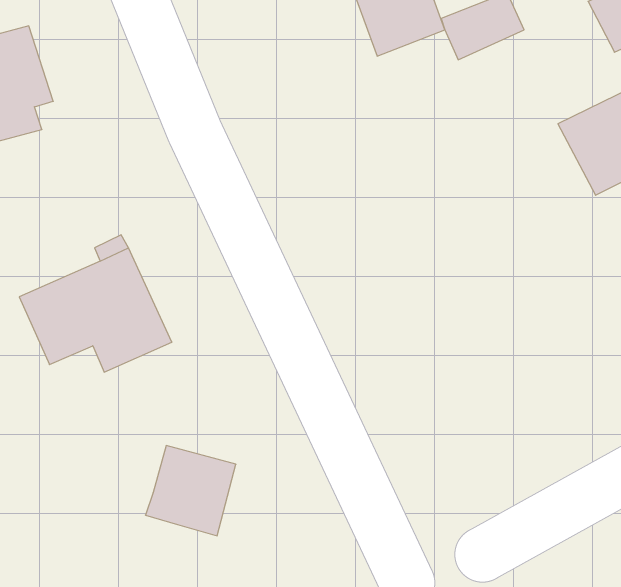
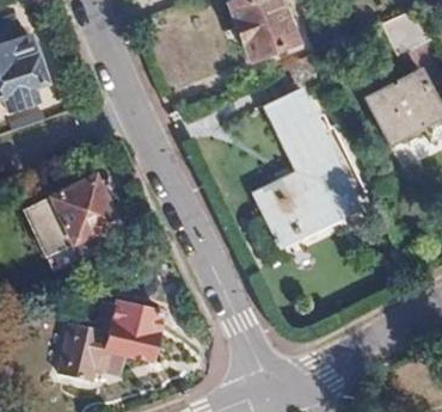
building: none -> [252,100,354,239]
building: none -> [61,322,123,375]

